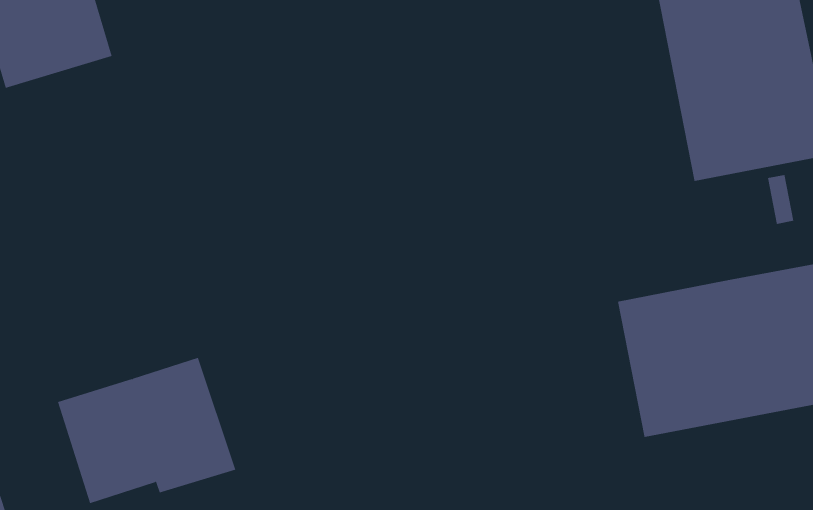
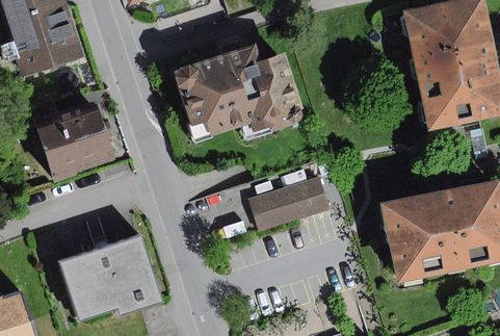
building: none -> [172,37,302,143]
building: none -> [34,101,113,180]
building: none -> [247,175,330,230]

